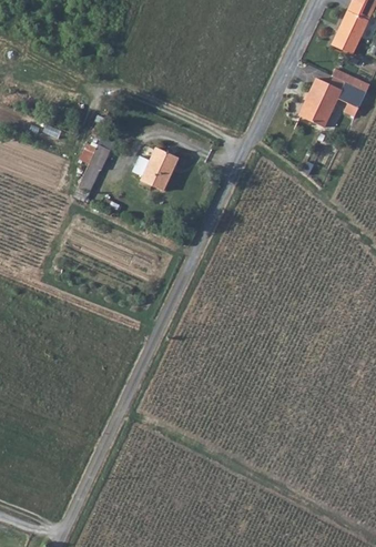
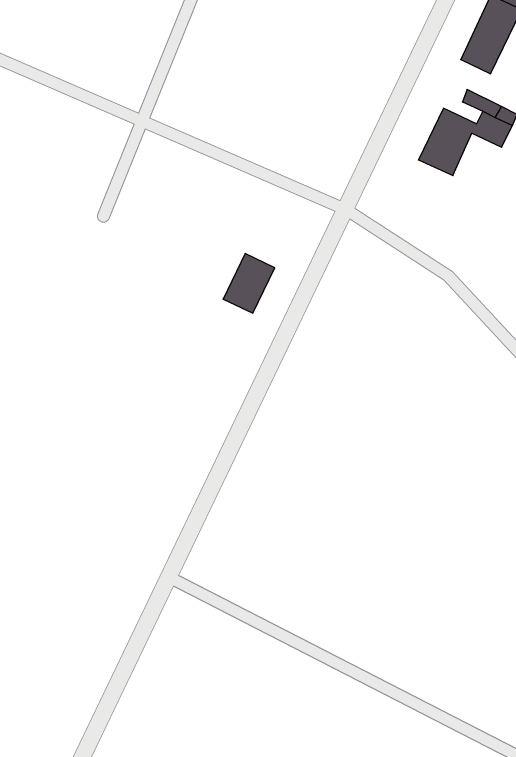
building: [78,141,108,192] -> none
building: [144,149,181,191] -> [223,254,275,313]

